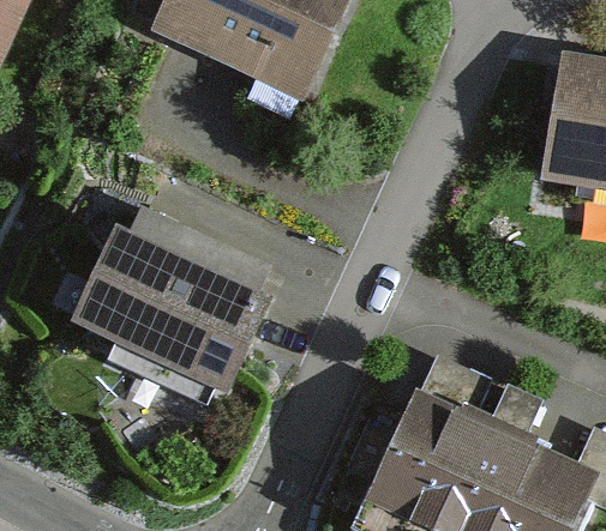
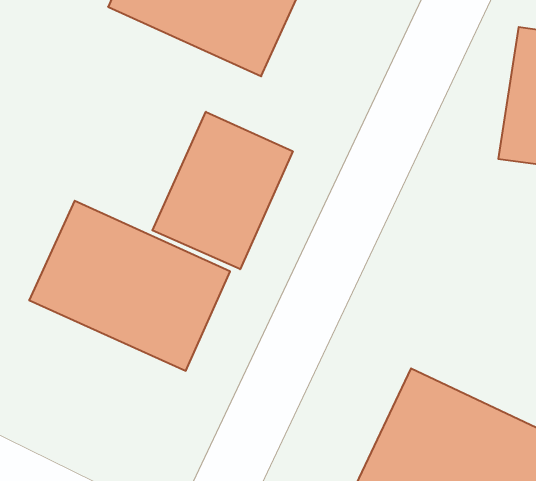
building: none -> [152,112,293,269]

